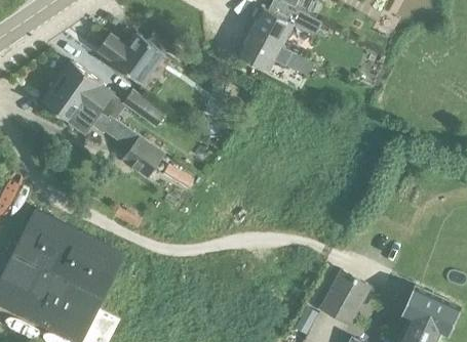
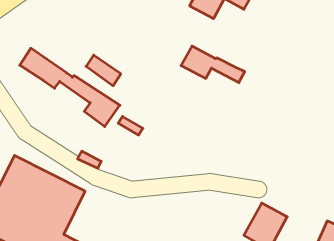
building: [234,31,311,75] -> [181,46,245,83]
building: [96,33,162,83] -> none
building: [55,60,110,112] -> none

